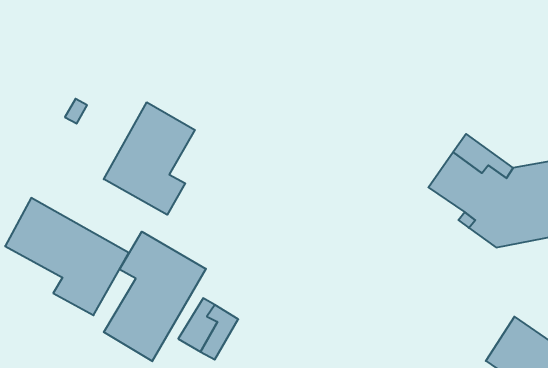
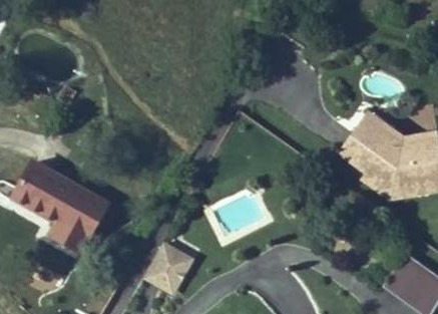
building: [104,102,195,215] -> none
building: [104,232,206,361] -> none

